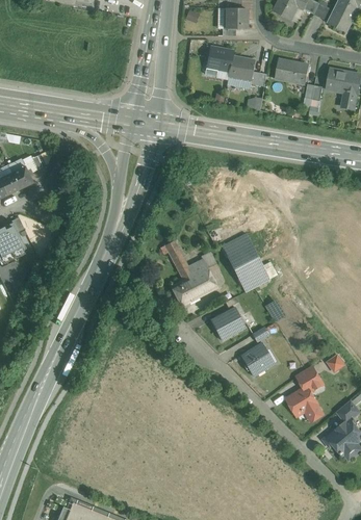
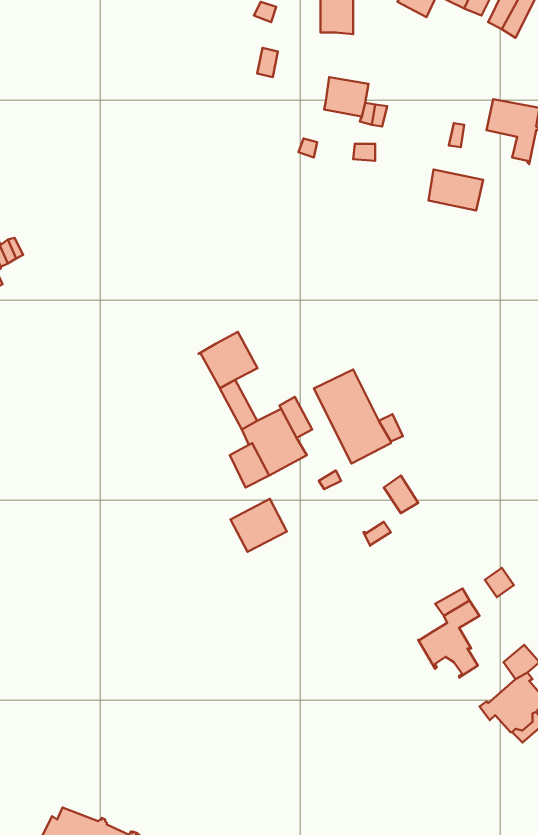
building: [204,46,232,76] -> none
building: [275,59,308,84] -> [428,170,483,211]
building: none -> [199,332,258,388]
building: [210,307,244,339] -> [231,499,287,552]
building: [240,342,275,376] -> none

